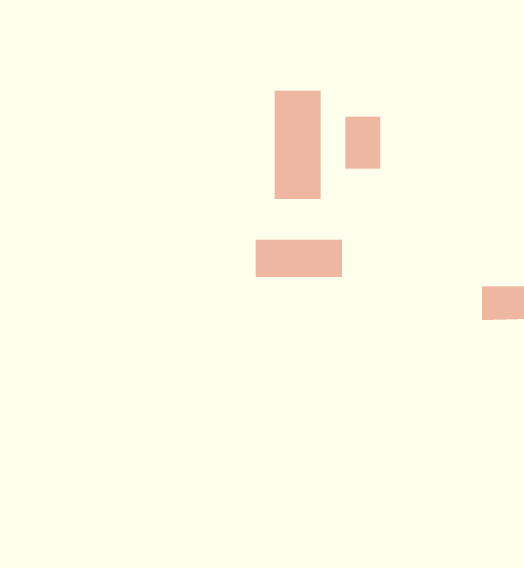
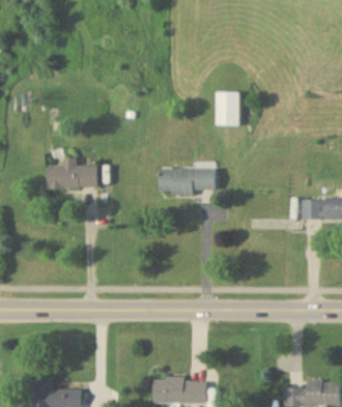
building: [274,90,321,200] -> none
building: none -> [47,157,97,188]

